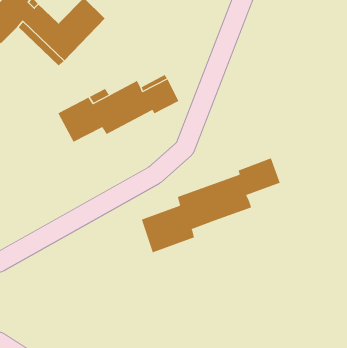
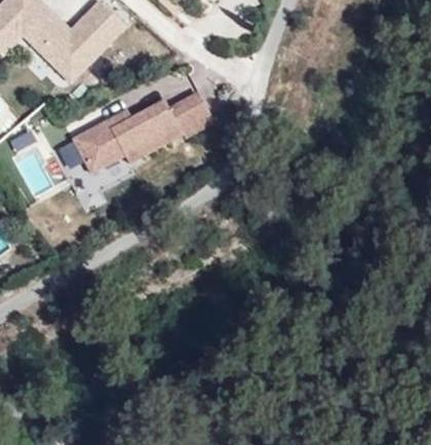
building: [141,158,281,253] -> none

